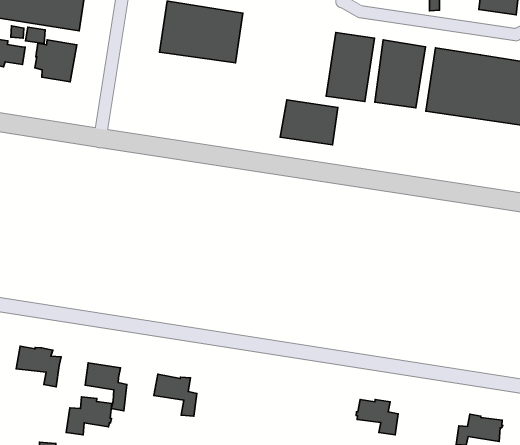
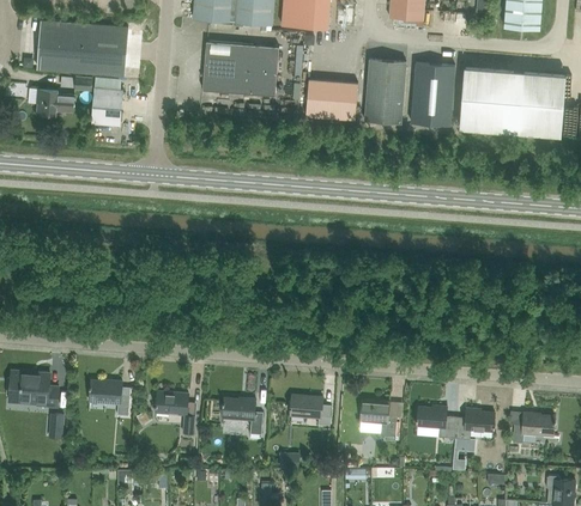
building: [280,100,338,145] -> [305,80,358,120]
building: none -> [290,395,331,426]
building: none -> [361,401,397,437]
building: [66,397,112,435] -> none
building: none -> [454,408,495,439]

